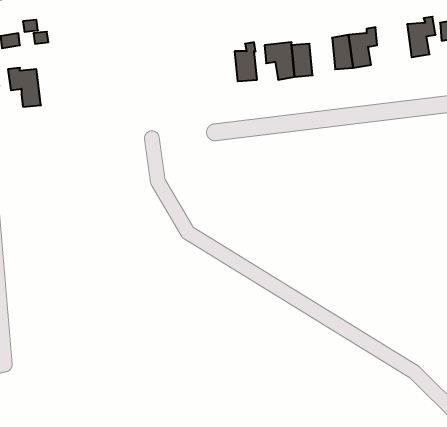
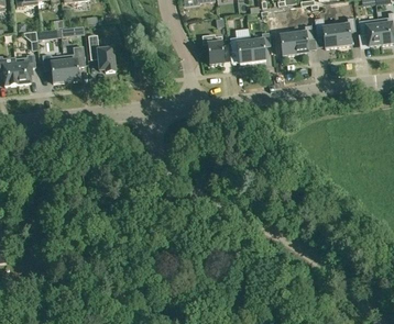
building: none -> [314,19,337,48]
building: none -> [87,35,114,72]
building: none -> [62,46,84,82]

